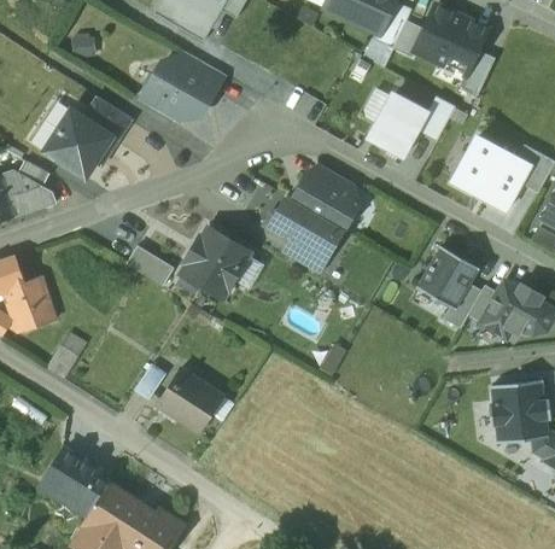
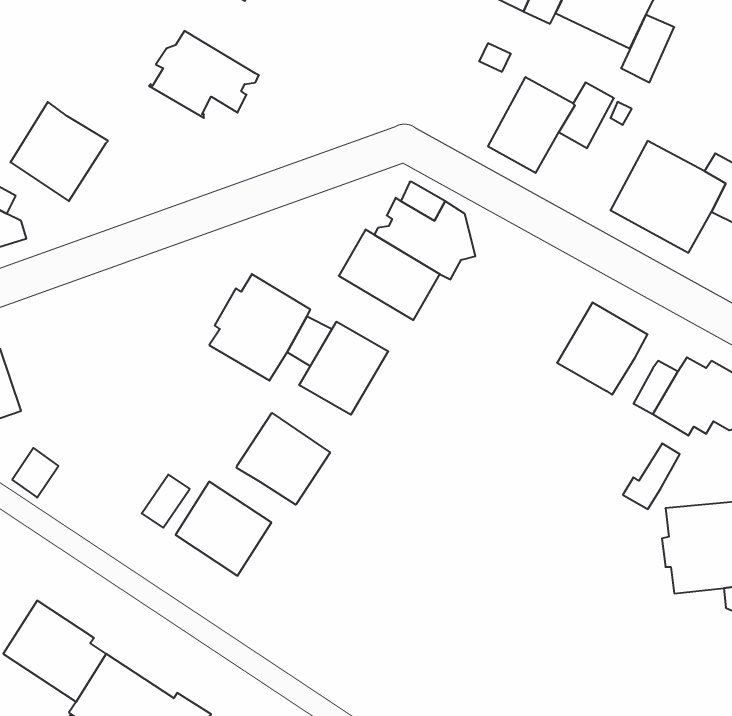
building: [175,52,221,90] -> none
building: [83,97,130,141] -> none
building: [125,247,173,286] -> none
building: none -> [299,322,388,415]
building: [443,284,481,328] -> [623,443,680,509]
building: none -> [237,413,330,505]

